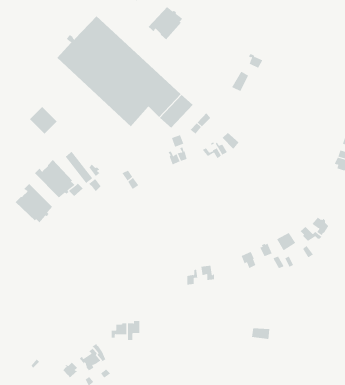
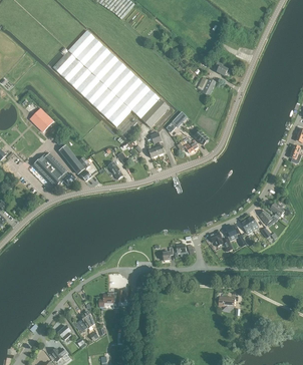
building: [148,6,183,40] -> none
building: [15,183,53,223] -> none

